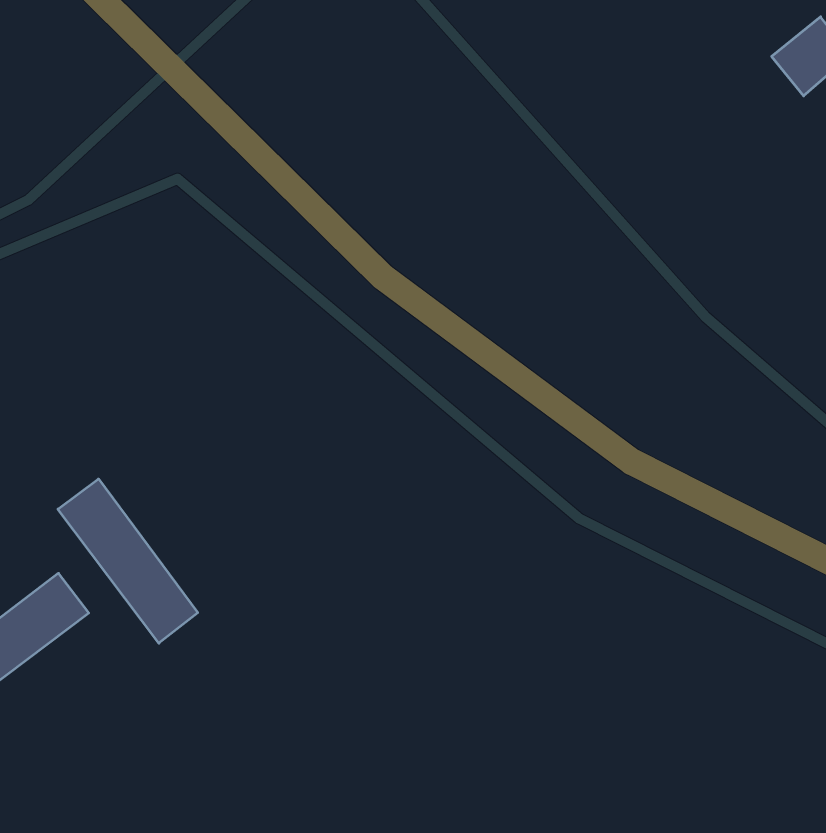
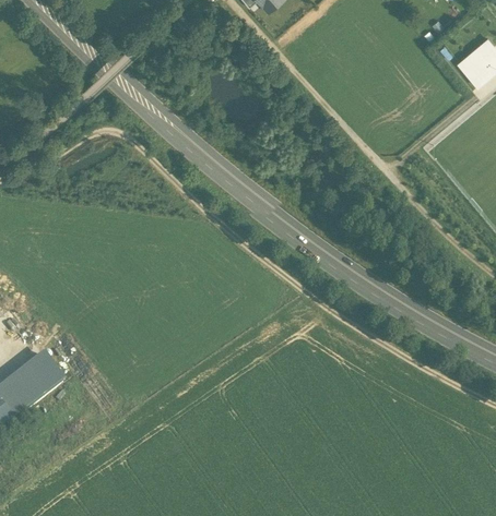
building: [58,479,198,643] -> none

